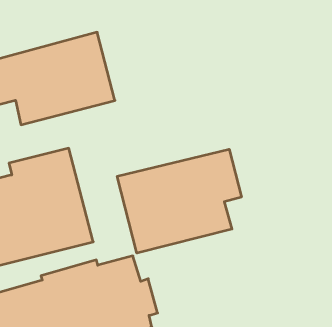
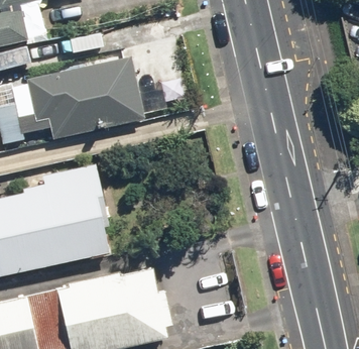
building: [117,149,241,253] -> none

